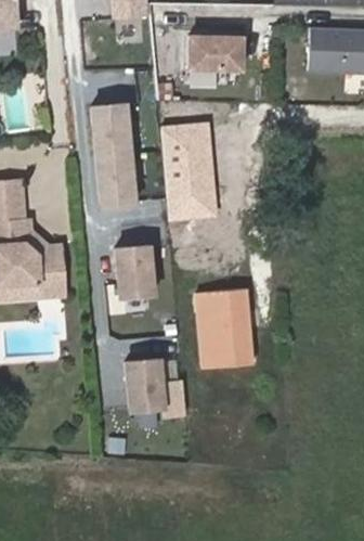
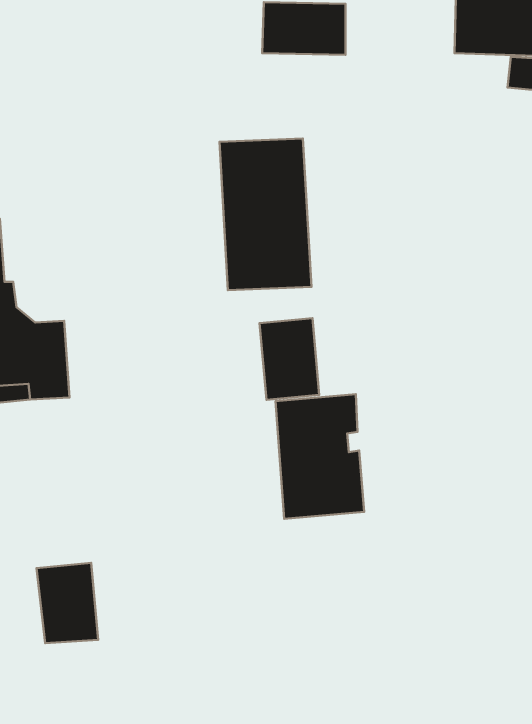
building: [89,103,138,209] -> none
building: [115,246,153,298] -> [260,318,319,400]
building: [125,360,164,411] -> [37,563,98,643]

